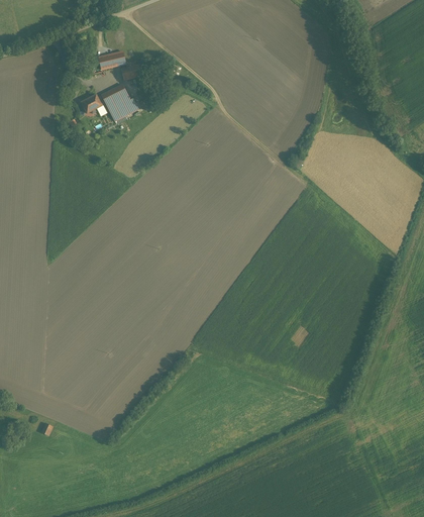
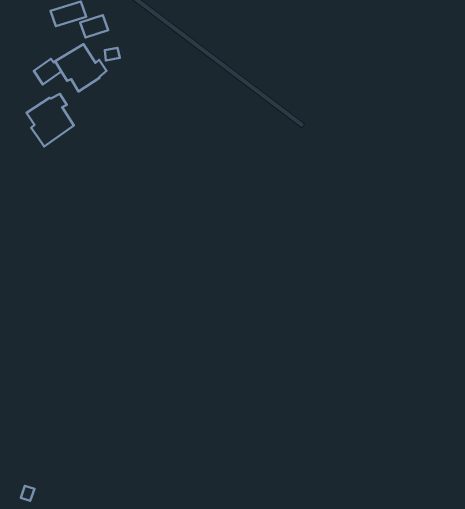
building: none -> [27,94,74,146]

